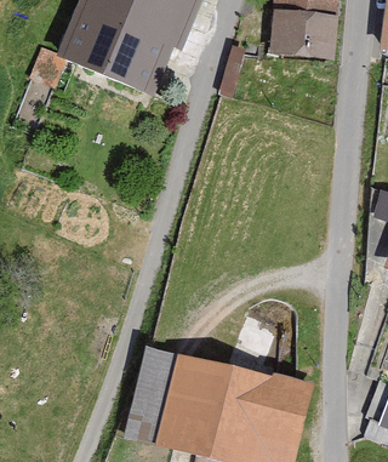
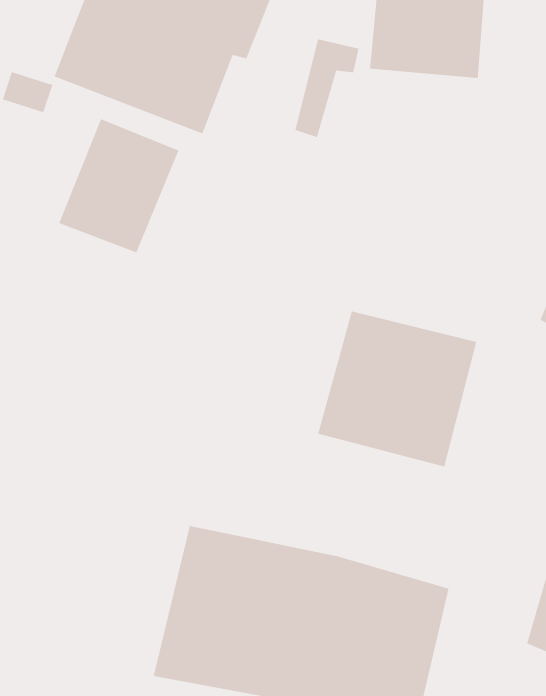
building: none -> [58,118,180,253]
building: none -> [317,311,477,467]

